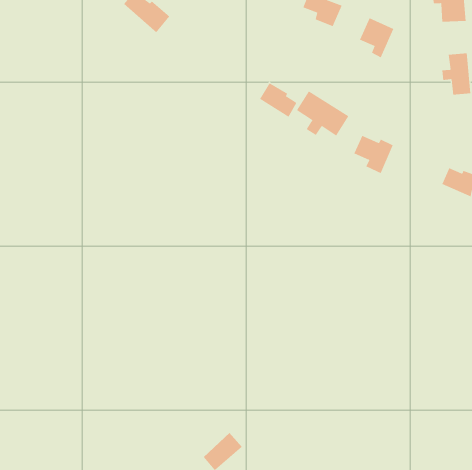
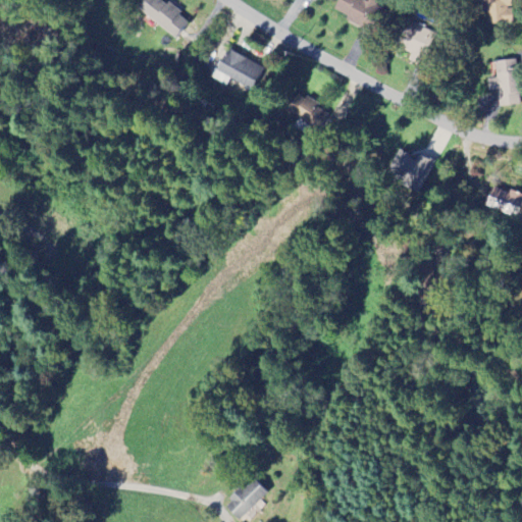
building: none -> [213,47,264,89]
building: [296,91,349,137] -> none

